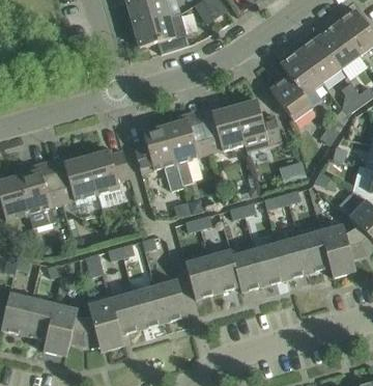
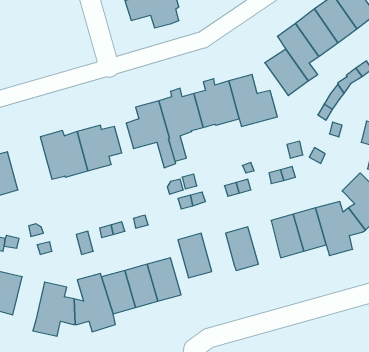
building: [18,161,61,227] -> none
building: [253,243,285,285] -> none
building: [207,249,239,293] -> none
building: [23,298,54,340] -> none

